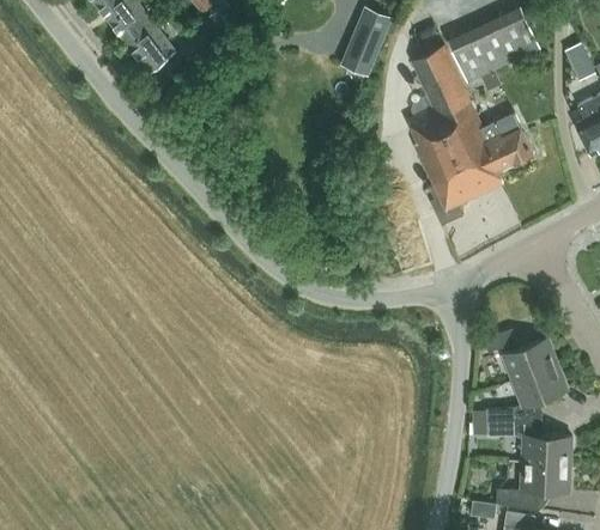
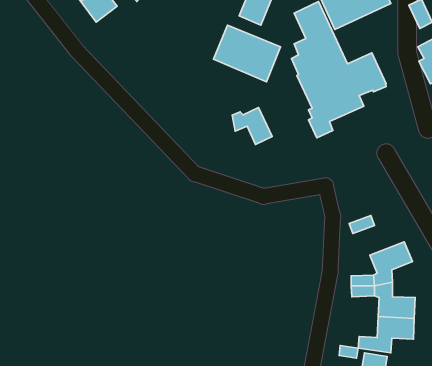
building: none -> [213,25,281,82]
building: none -> [232,108,272,144]
building: [503,339,558,382] -> none

